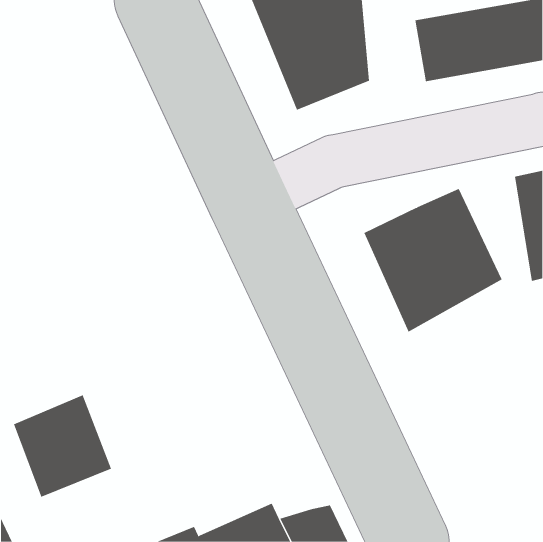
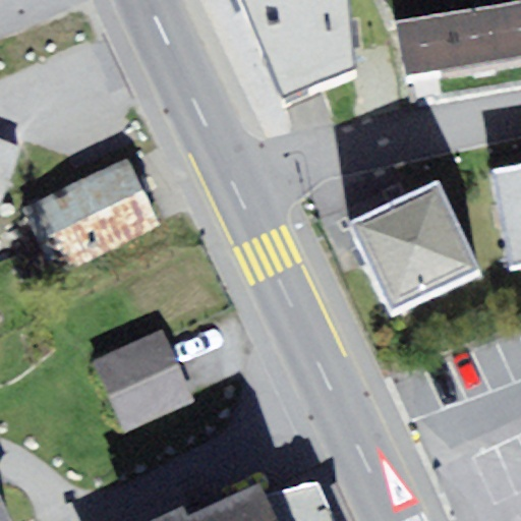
building: none -> [23,159,160,277]
building: [13,395,112,498] -> [97,330,191,428]

